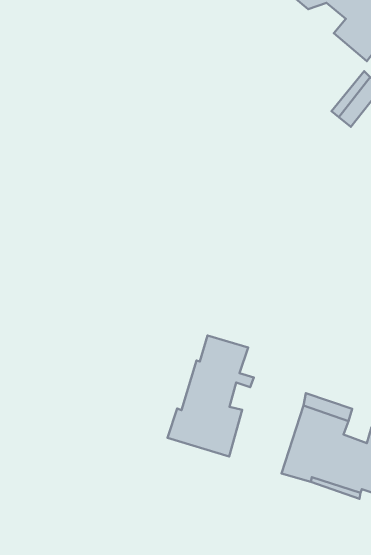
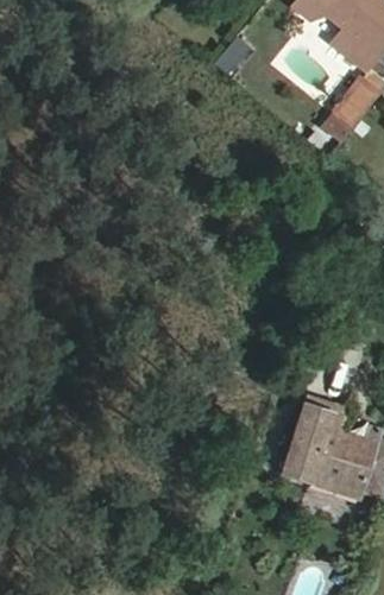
building: [168,335,254,456] -> none

